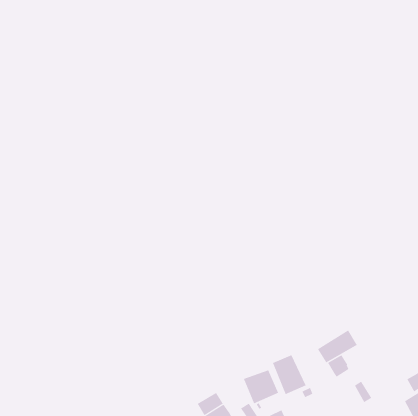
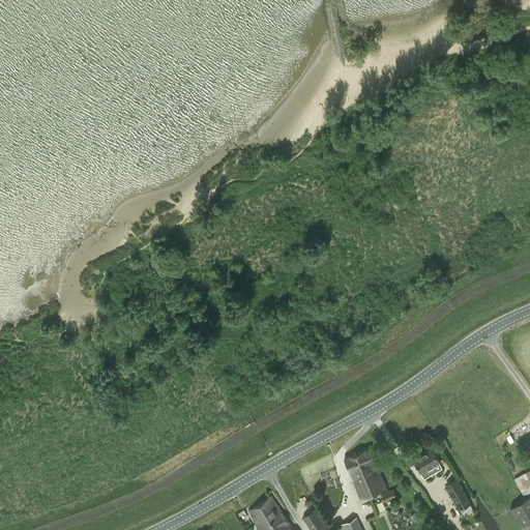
building: [317,330,358,363] -> none
building: [243,370,279,404] -> none

